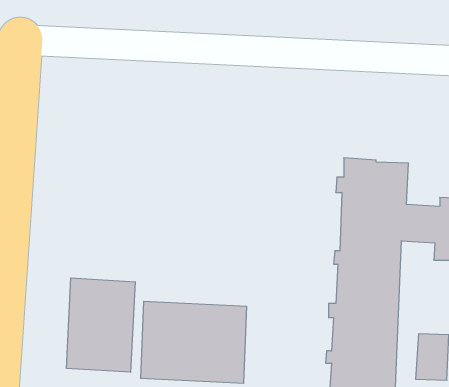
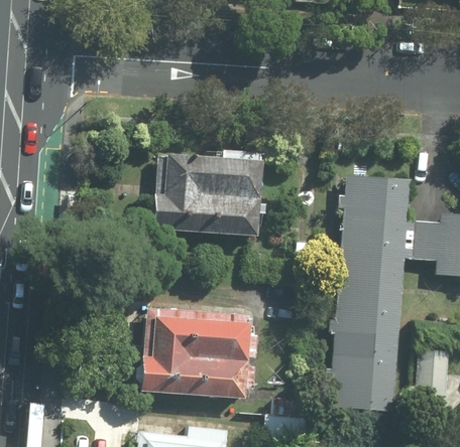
building: none -> [156,153,265,238]
building: [66,278,135,372] -> none

